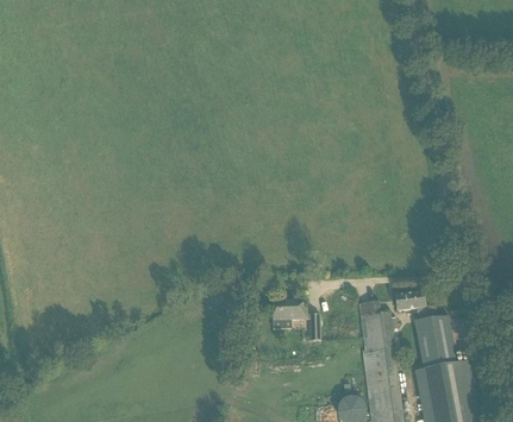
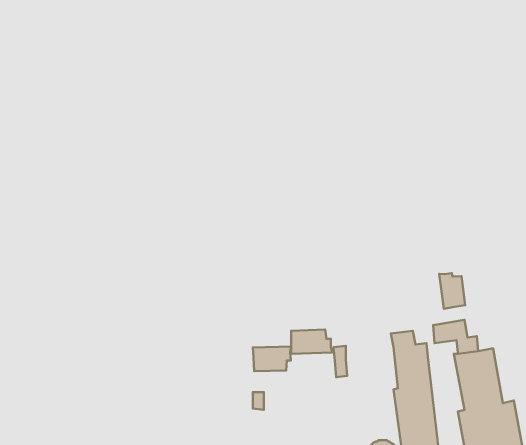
building: none -> [439,273,465,309]
building: none -> [253,346,291,371]

